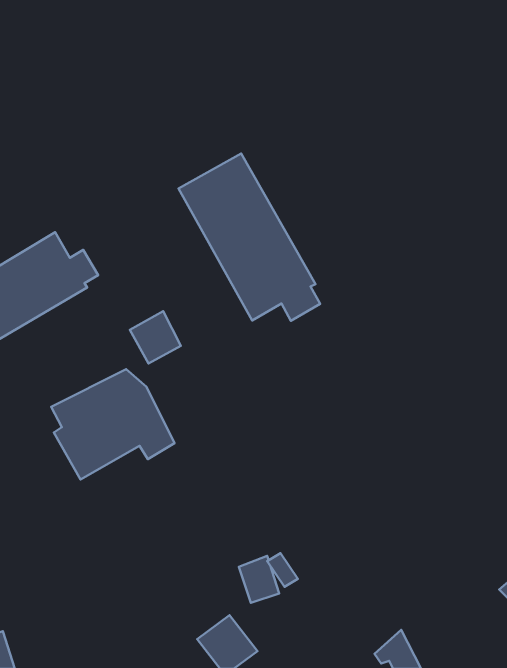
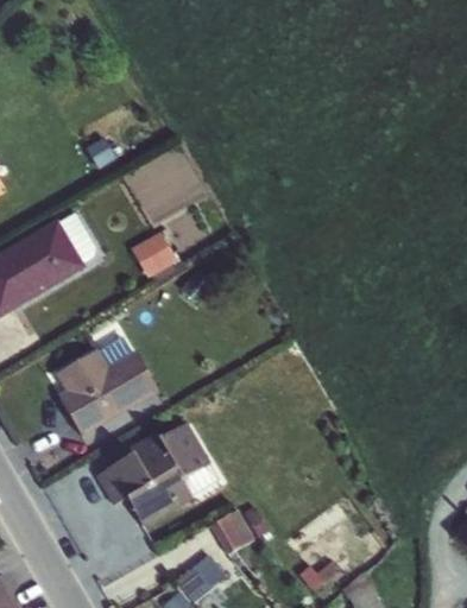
building: [178,154,320,321] -> none
building: [130,311,181,363] -> [133,226,178,272]
building: none -> [94,420,220,527]

